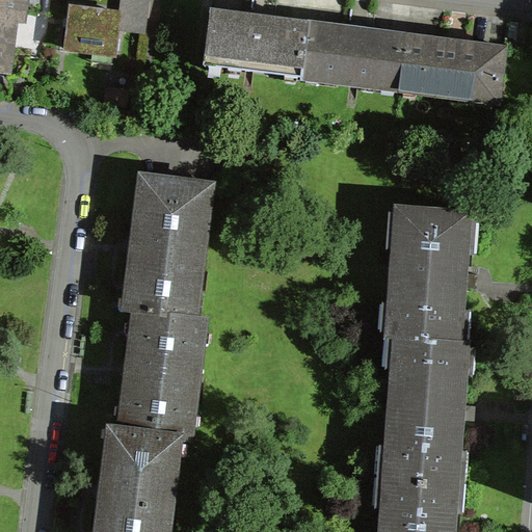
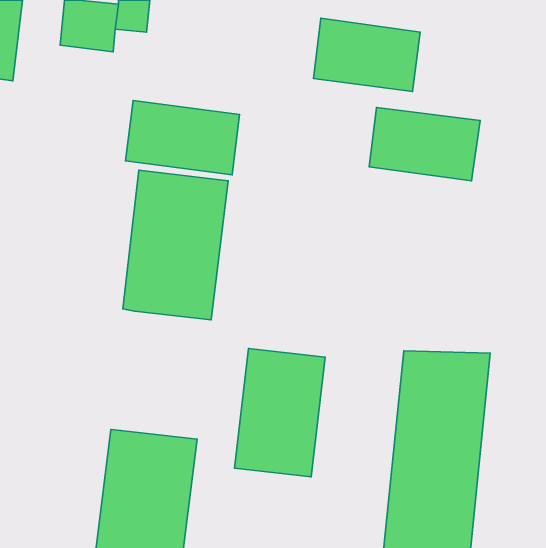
building: [200,6,310,78] -> [125,101,240,175]
building: [398,33,505,104] -> [369,108,480,181]
building: [390,215,476,343] -> none
building: [116,302,204,426] -> [235,349,325,477]

